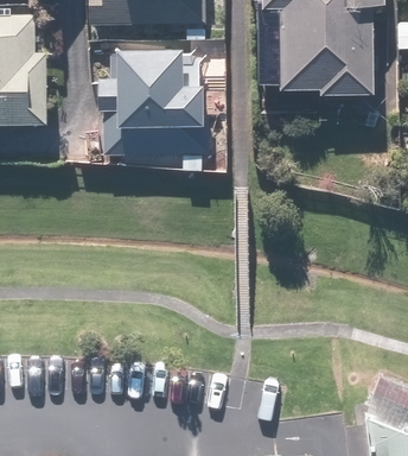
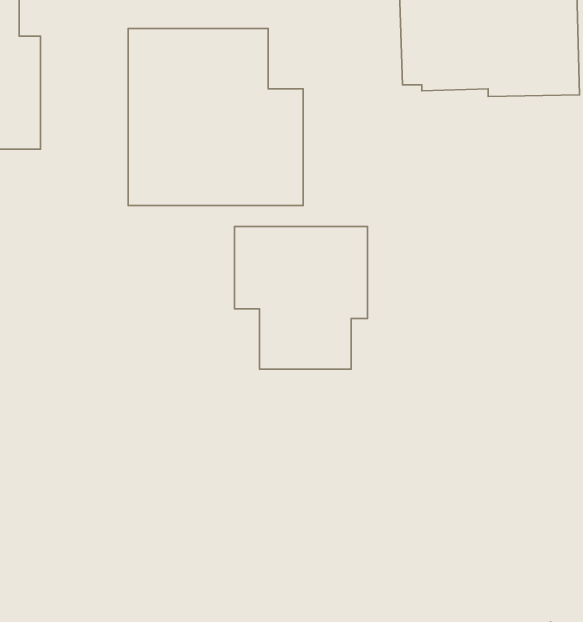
building: none -> [234,226,367,369]

